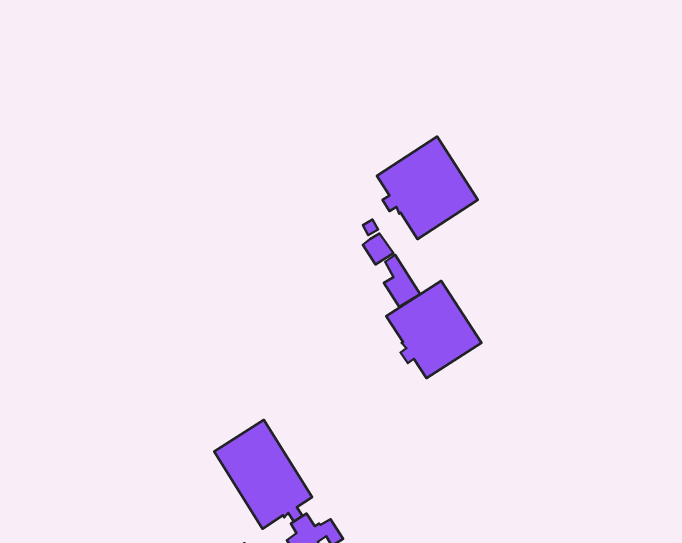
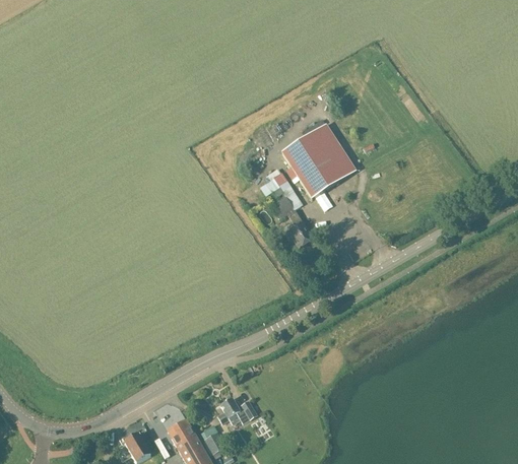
building: [386,281,481,378] -> none
building: [214,420,312,529] -> none

